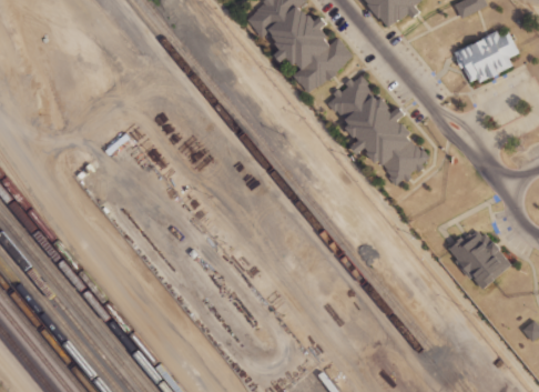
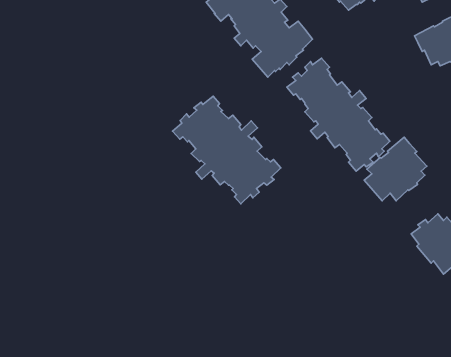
building: none -> [173,96,281,204]
building: none -> [364,137,427,201]

